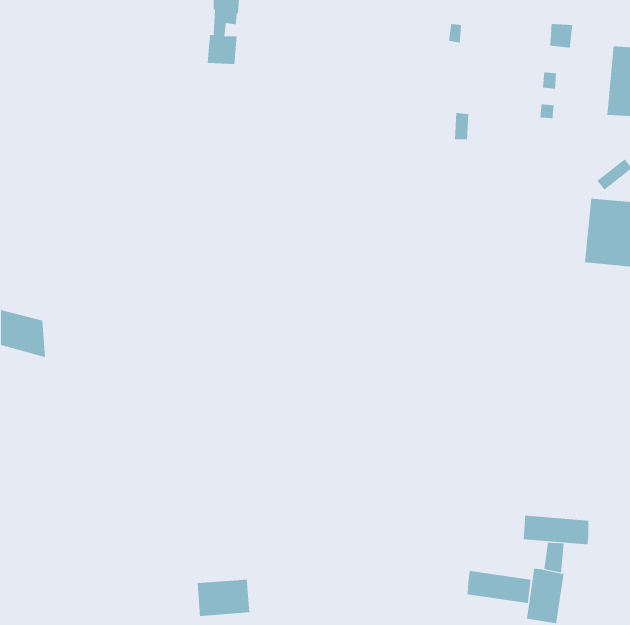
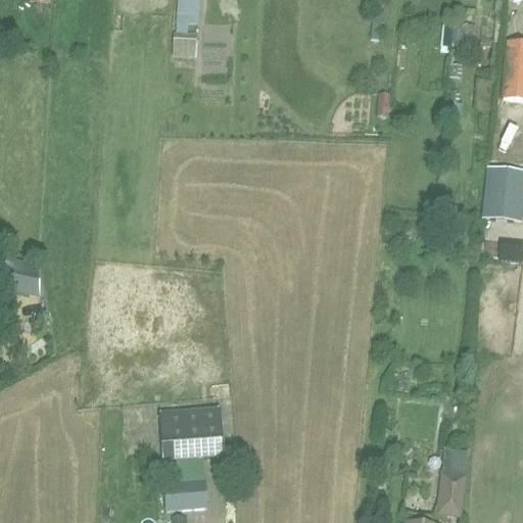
building: none -> [158,407,225,470]
building: [523,515,589,545] -> none
building: [467,570,531,604] -> none

